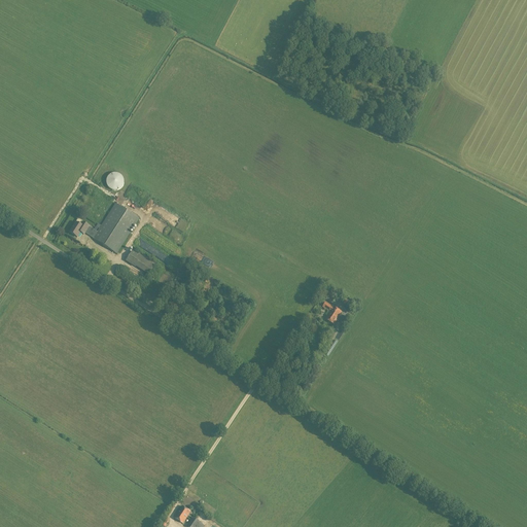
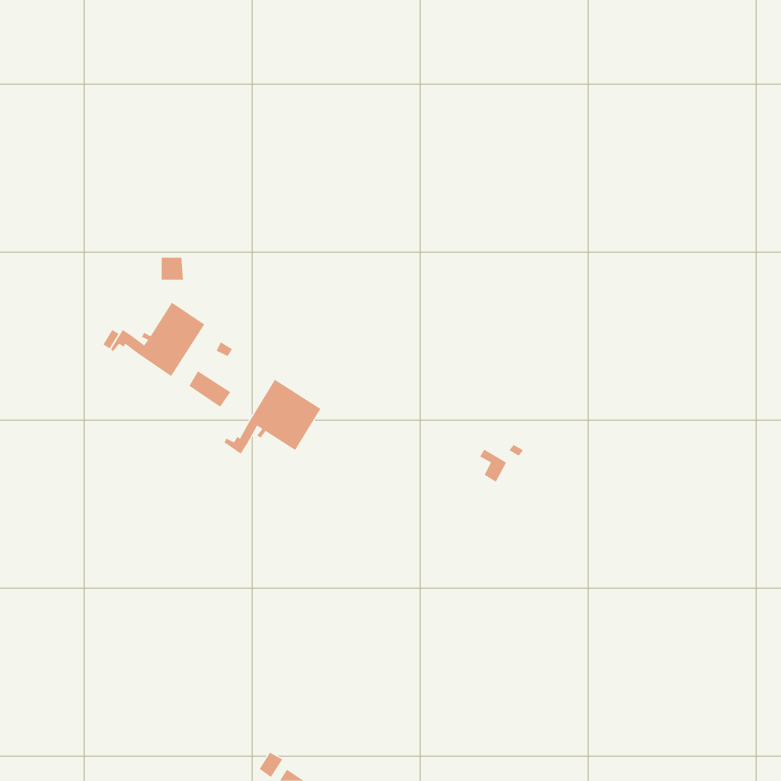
building: none -> [224,379,321,454]

